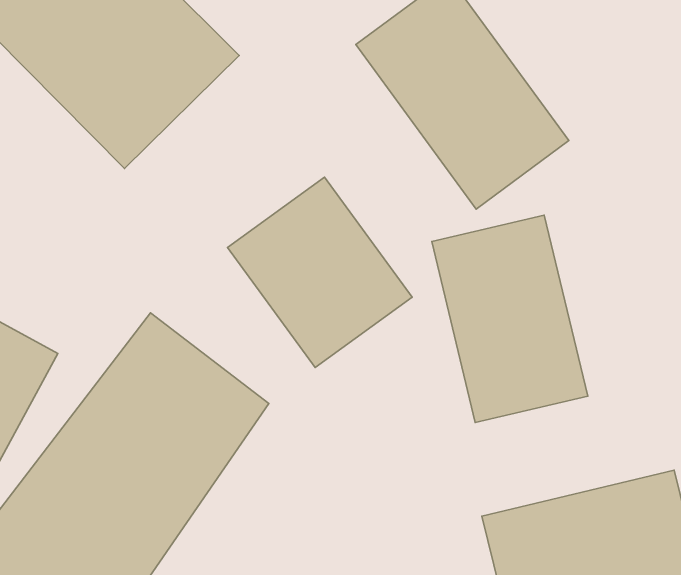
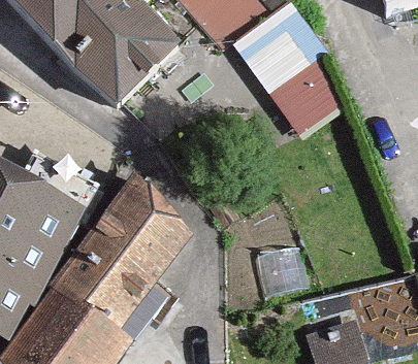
building: [228,177,412,367] -> none
building: [432,215,588,423] -> none

